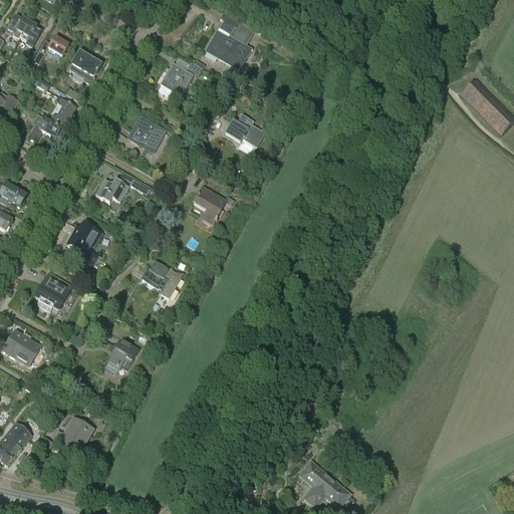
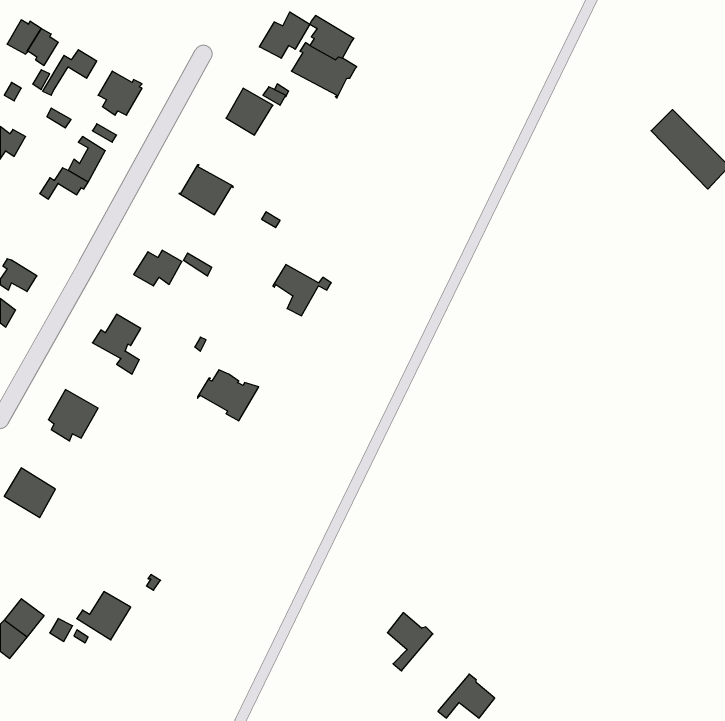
building: none -> [259,12,310,58]
building: [225,113,266,152] -> none
building: [107,337,140,369] -> none
building: [300,461,332,502] -> [387,613,433,671]

